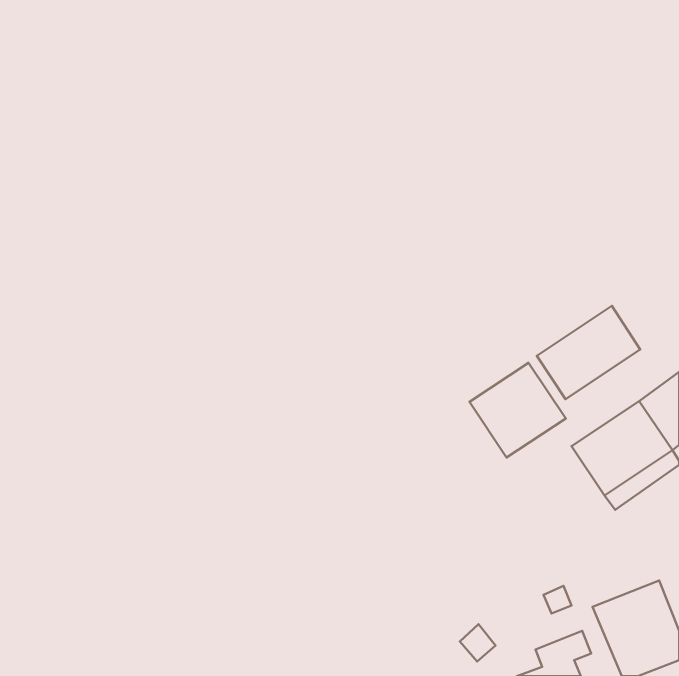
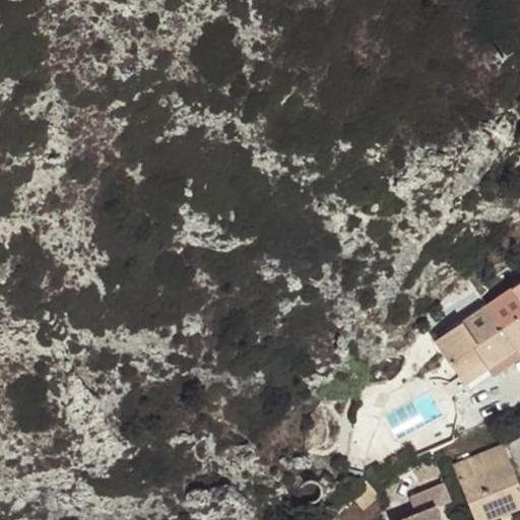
building: [537,306,640,399] -> none
building: [469,363,566,458] -> none

